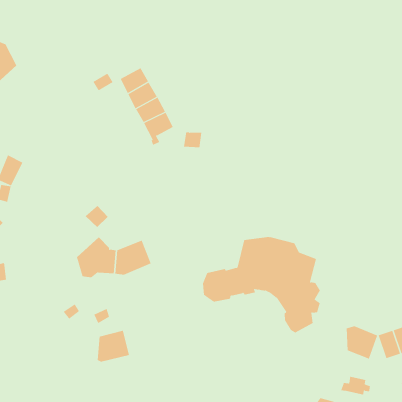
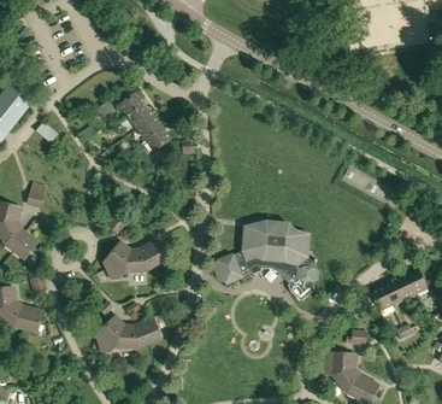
building: none -> [96,315,134,351]
building: [346,326,378,359] -> none

